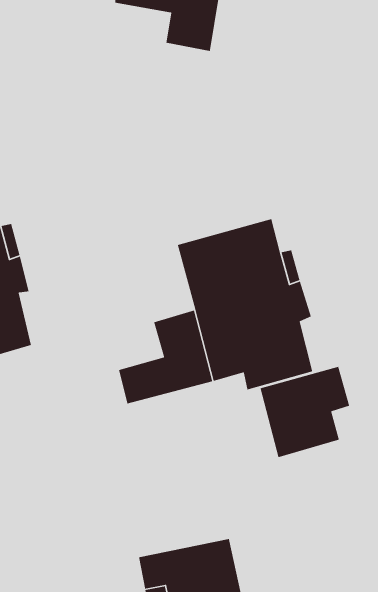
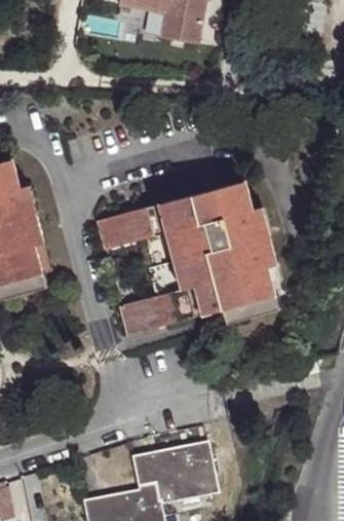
building: none -> [94,202,181,266]
building: [259,366,350,458] -> none

